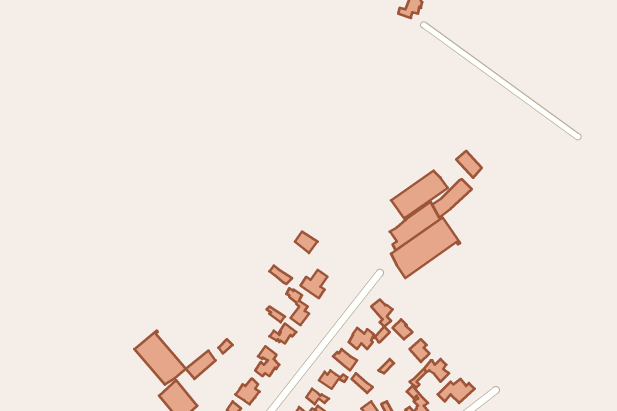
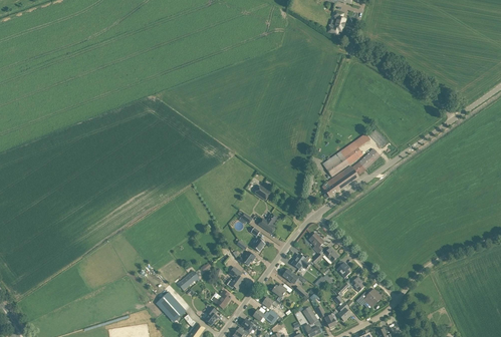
building: [391,218,460,278] -> none
building: [134,331,186,385] -> none

